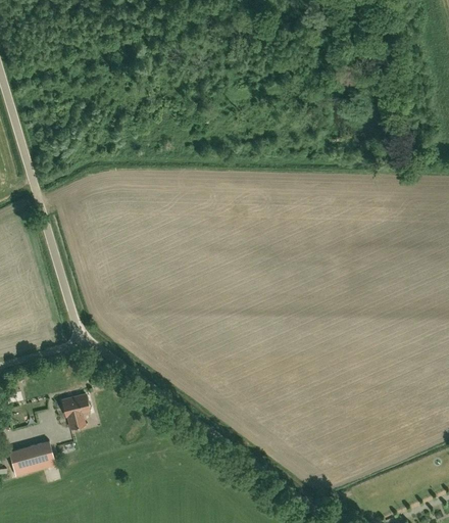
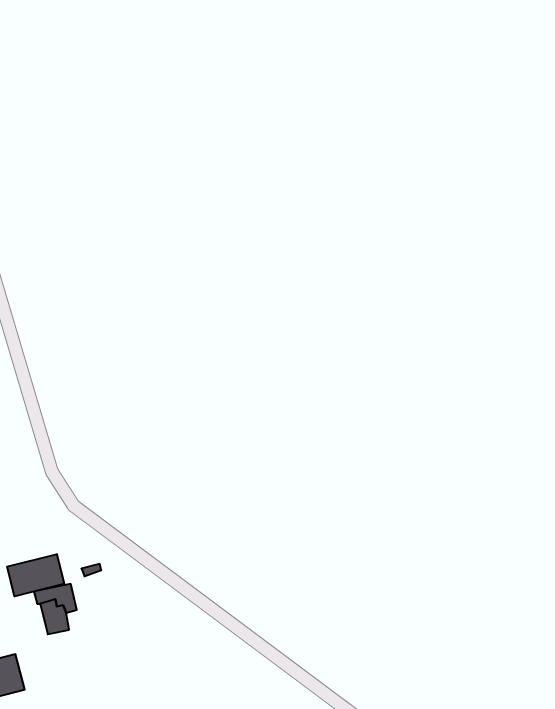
building: none -> [7,554,64,596]

